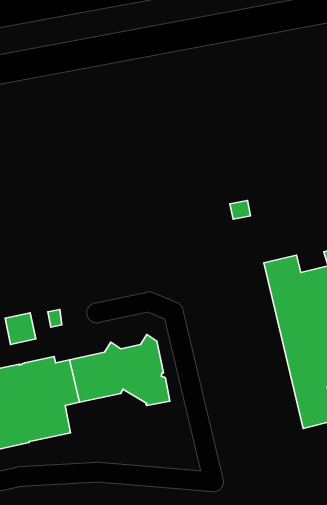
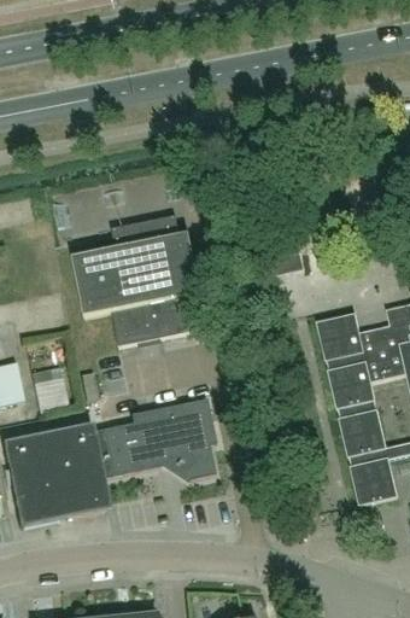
building: none -> [72,217,203,349]

